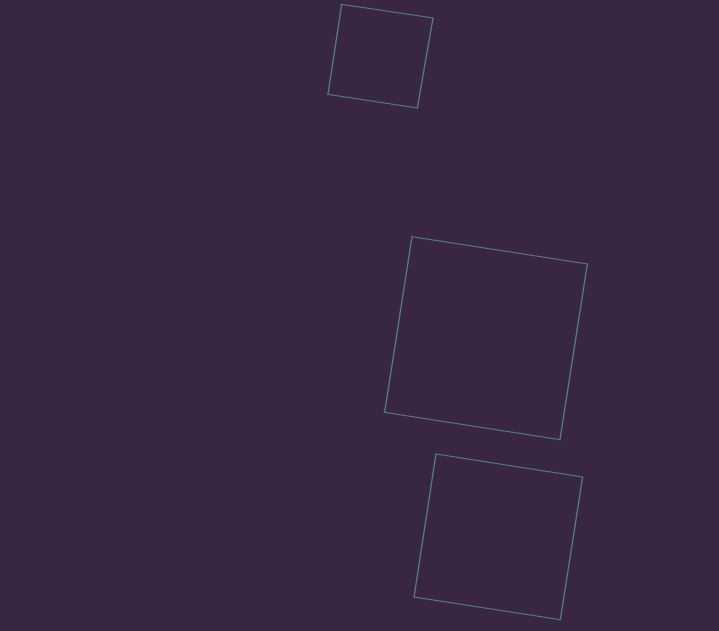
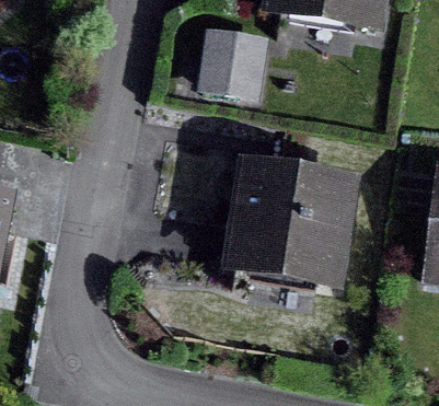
building: [414,454,582,620] -> none

